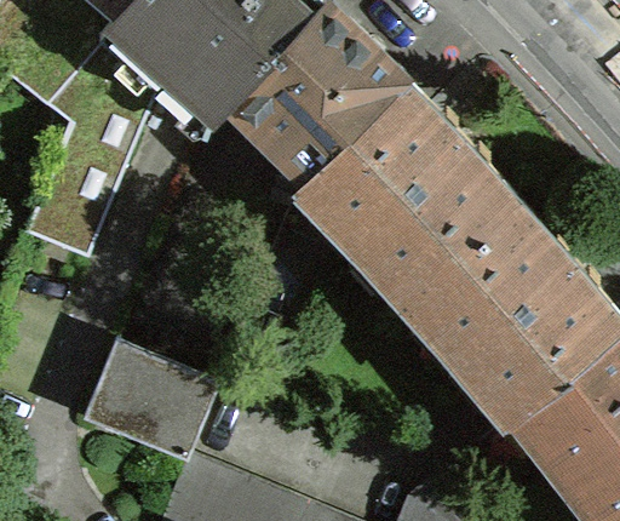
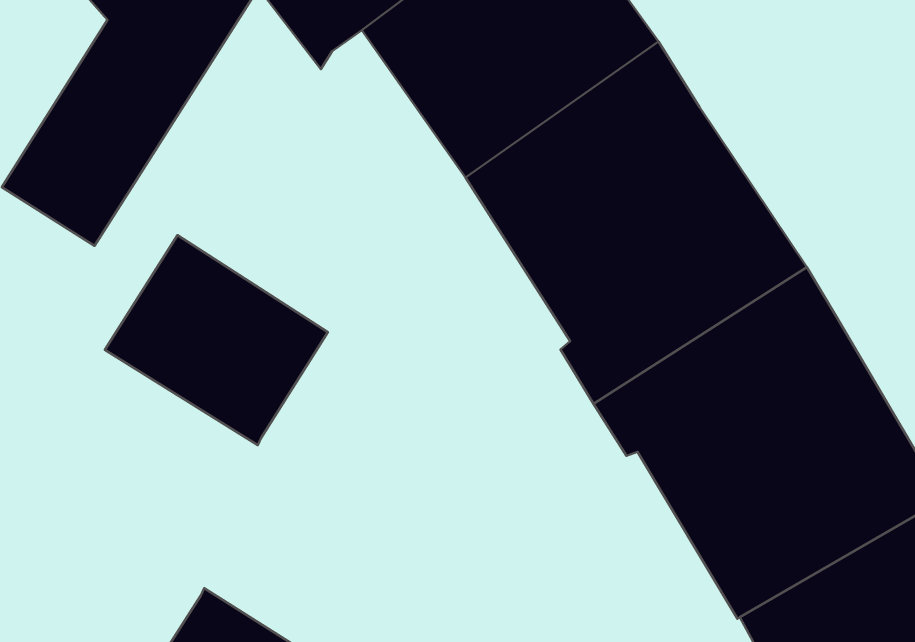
building: [84,343,216,460] -> [105,235,328,445]

